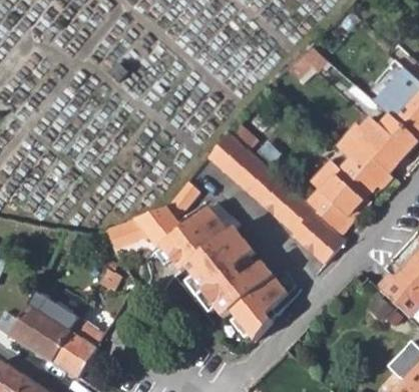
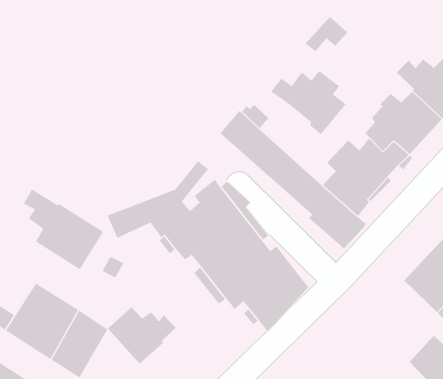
building: none -> [270,70,346,135]
building: none -> [23,188,104,270]
building: none -> [107,307,177,364]

